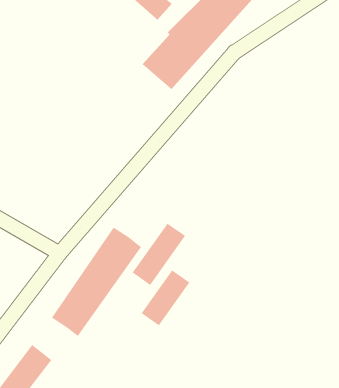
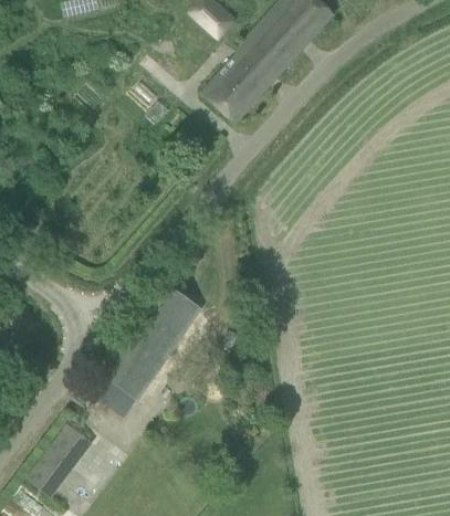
building: [132,223,186,286] -> none
building: [141,269,190,326] -> none

